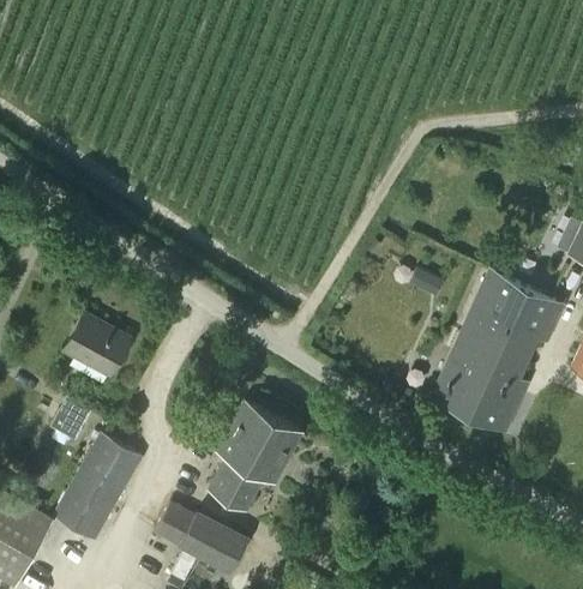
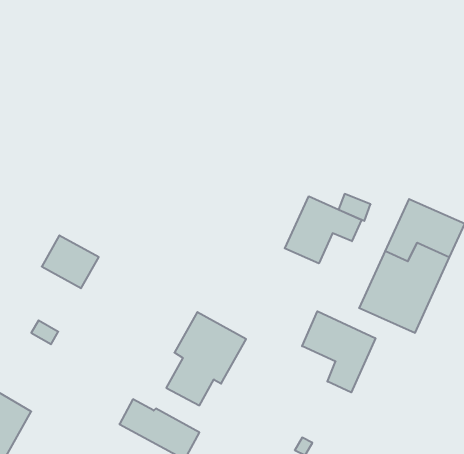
building: none -> [285,196,362,263]
building: none -> [302,311,375,392]
building: [38,435,142,552] -> none

